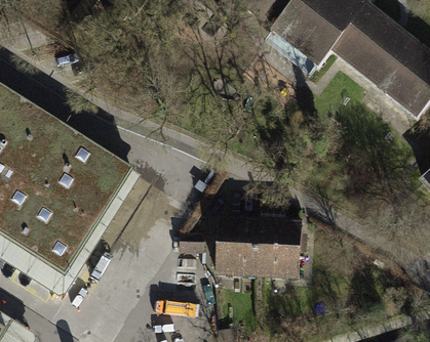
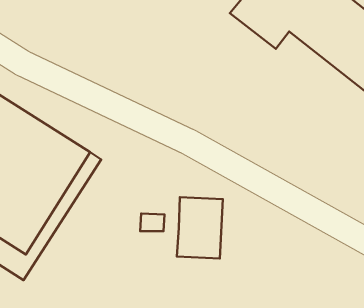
building: [258,214,303,275] -> none

